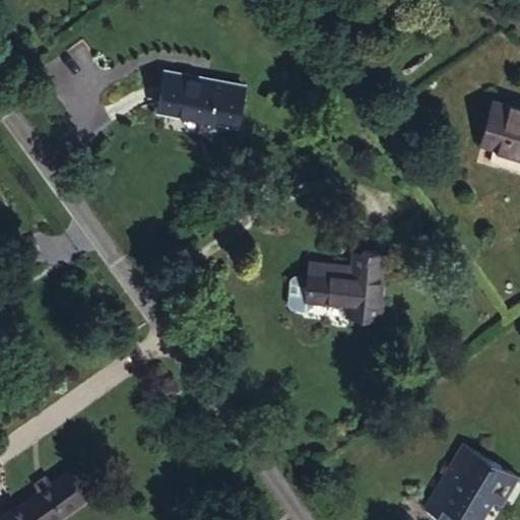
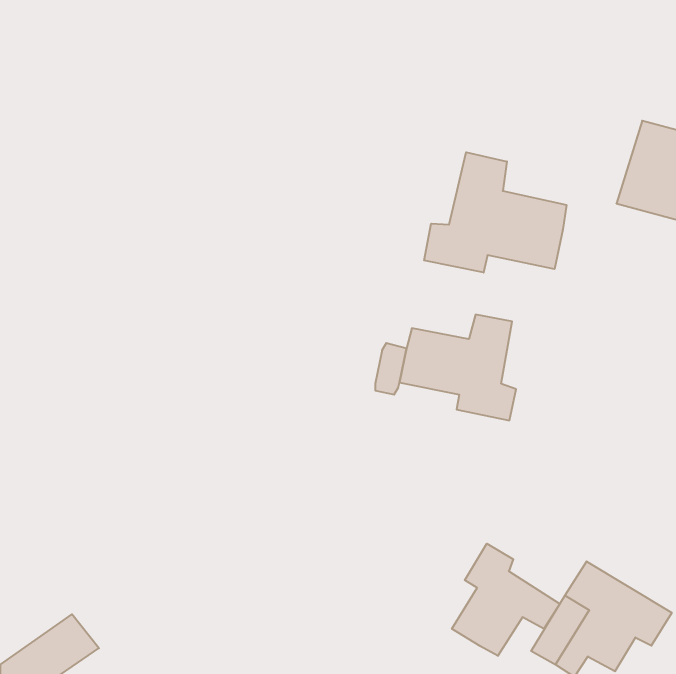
building: [158,73,246,134] -> none
building: none -> [424,152,566,273]
building: none -> [452,544,560,656]

